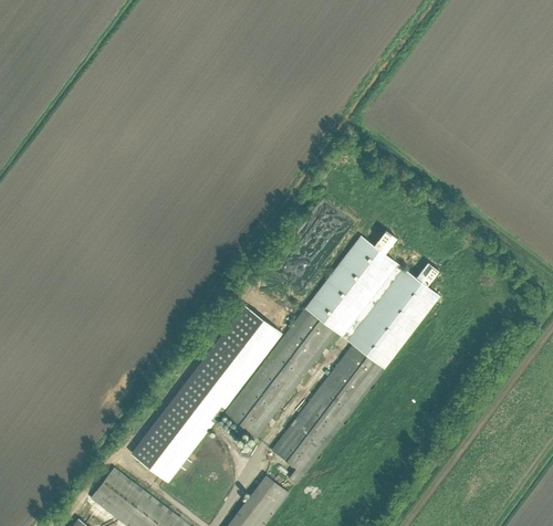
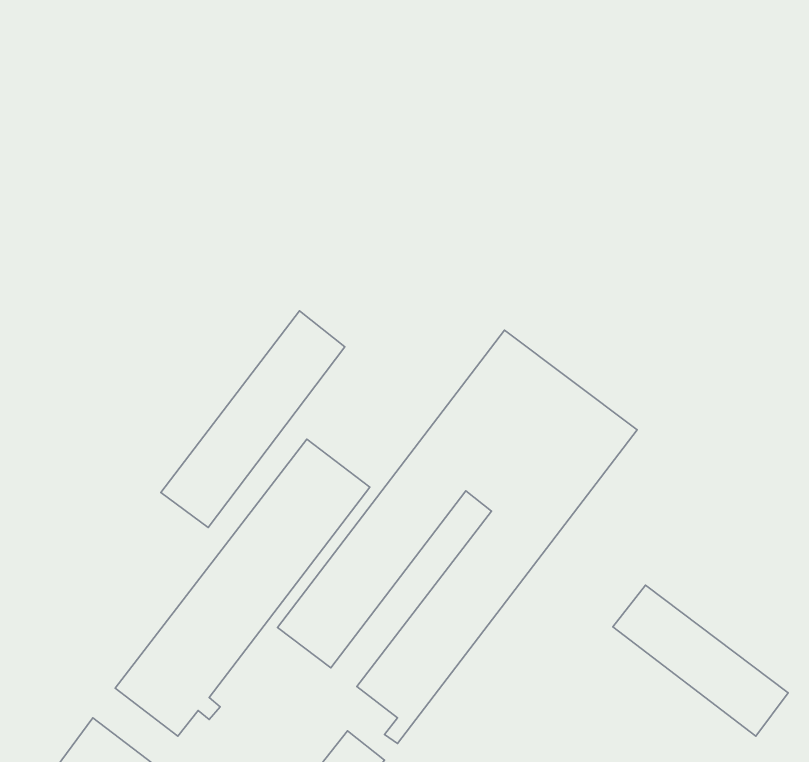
building: none -> [161,311,345,528]
building: none -> [613,585,788,736]

